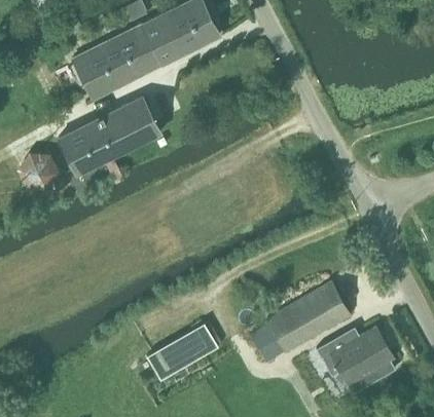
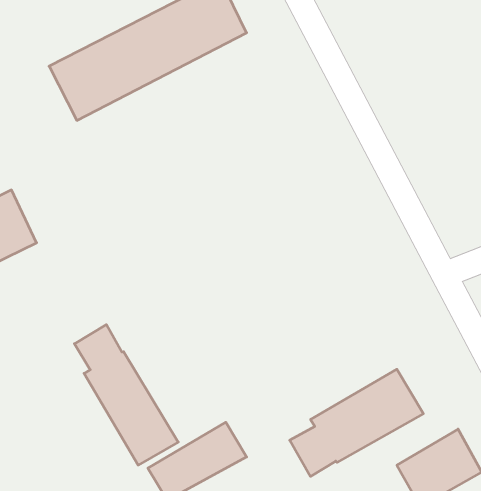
building: [59,97,159,175] -> none
building: none -> [74,325,178,465]

